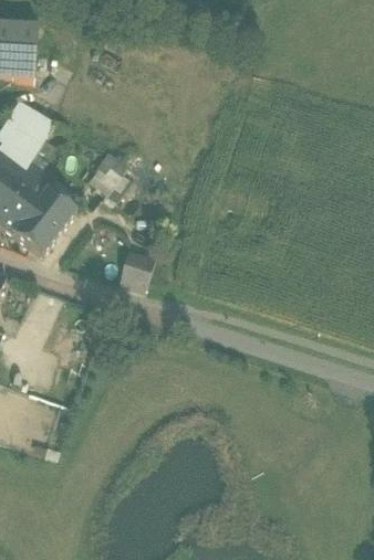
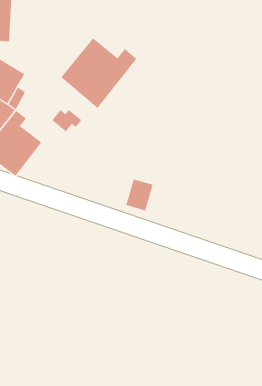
building: none -> [61,37,137,109]
building: [118,250,155,292] -> [125,179,154,211]

